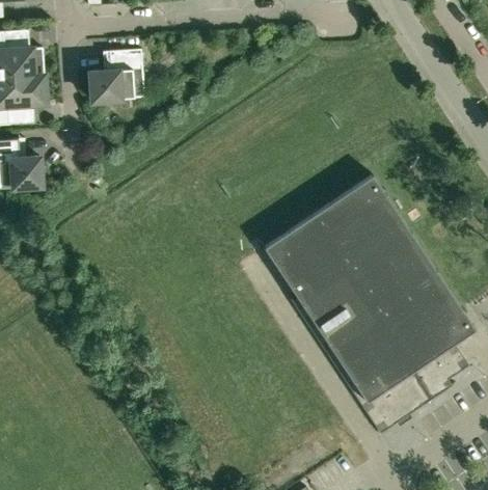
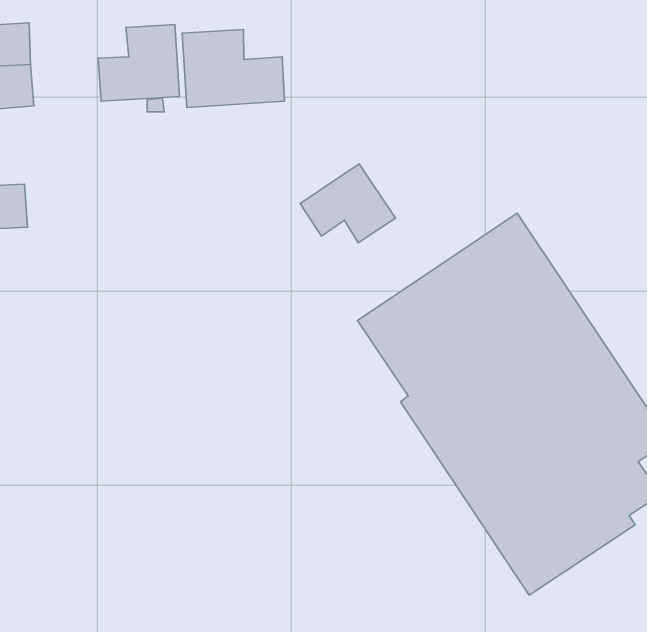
building: none -> [182,29,284,107]
building: none -> [300,164,395,243]

